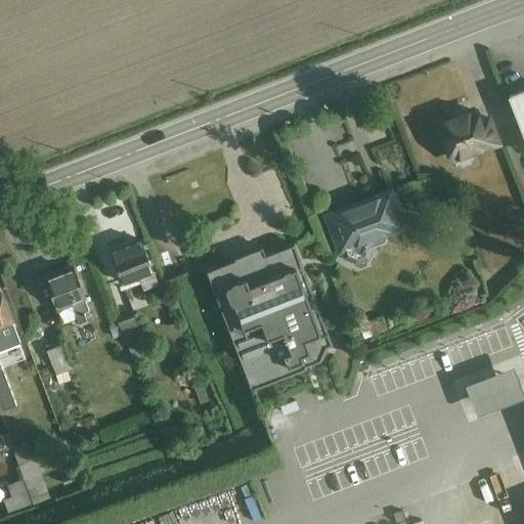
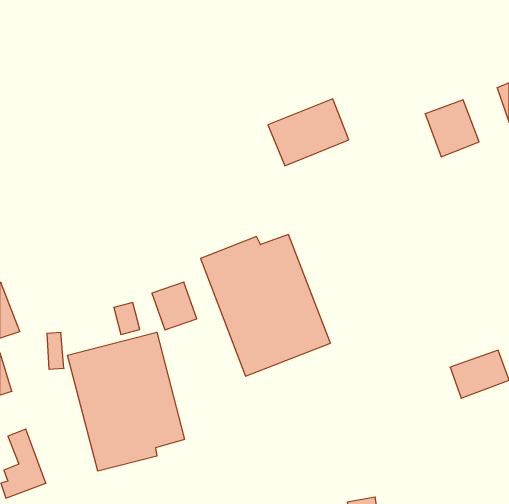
building: [322,190,405,259] -> [268,99,349,166]
building: [107,237,154,287] -> [152,282,197,330]
building: [46,267,87,316] -> none
building: none -> [67,332,185,471]

